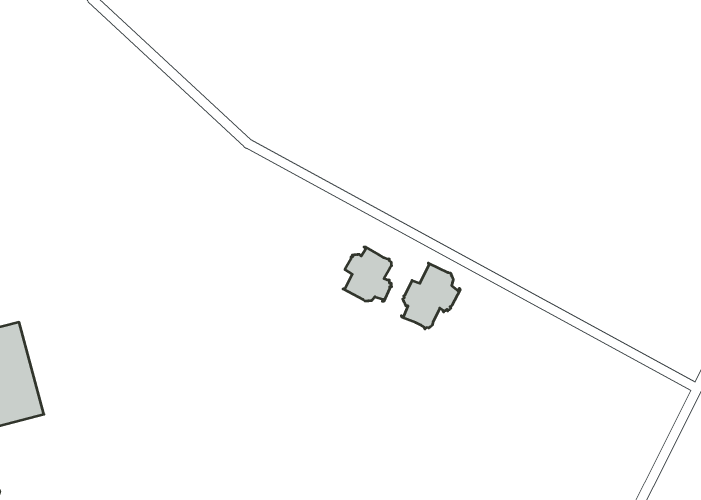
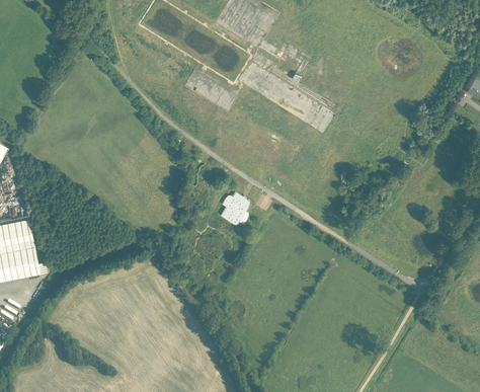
building: [401,263,460,329] -> none

